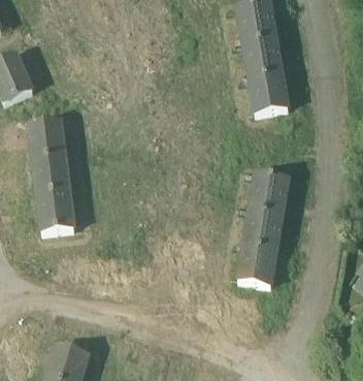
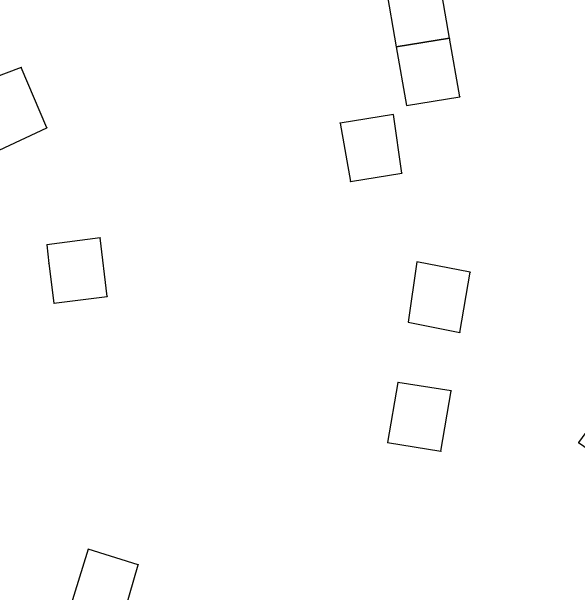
building: [249,70,286,110] -> [340,115,402,182]
building: [28,119,65,159] -> none
building: [37,190,74,230] -> none
building: [243,205,280,247] -> none

